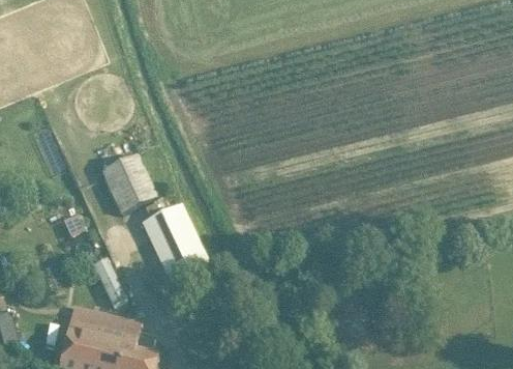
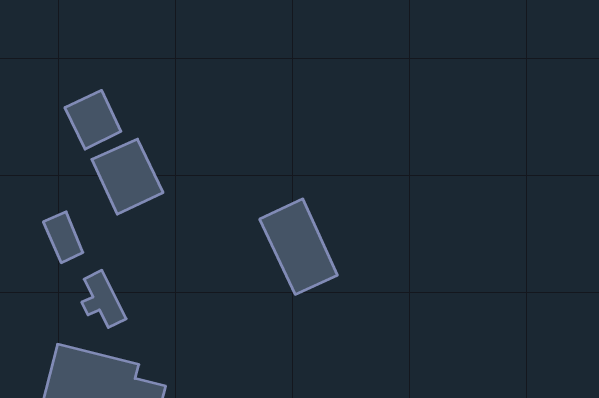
building: none -> [65,90,121,149]
building: [143,203,206,281] -> [260,199,337,294]

